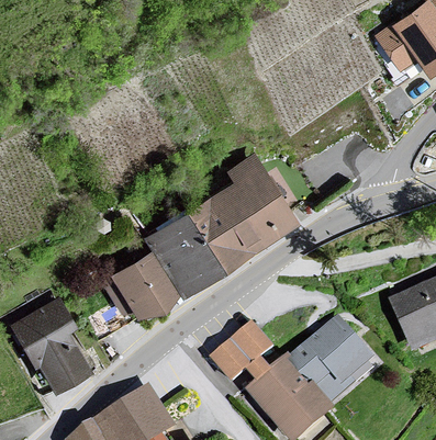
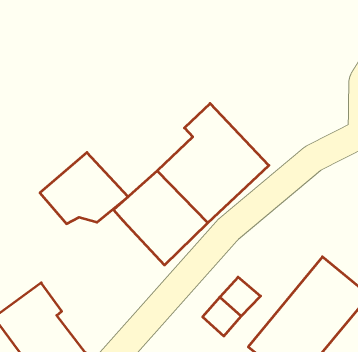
building: [99,251,183,320] -> [40,152,128,224]

